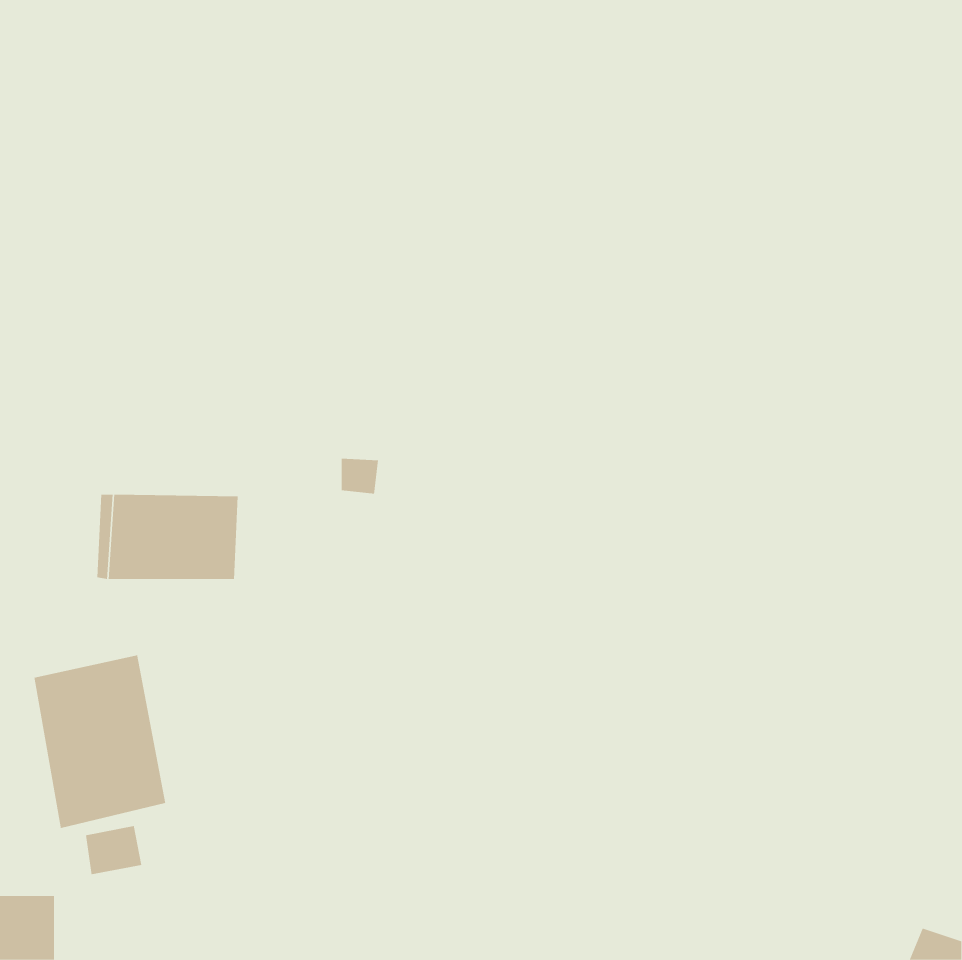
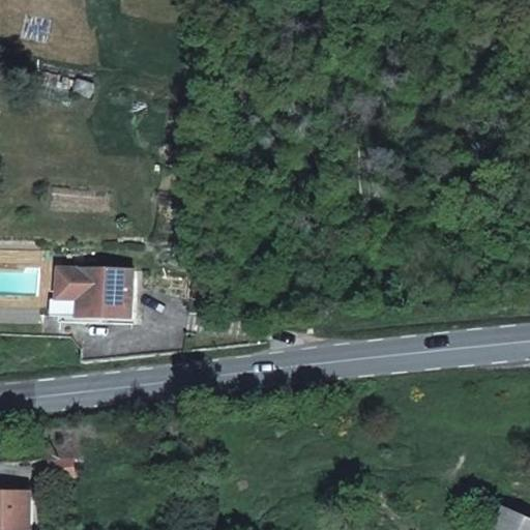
building: [34,654,166,829] -> none

